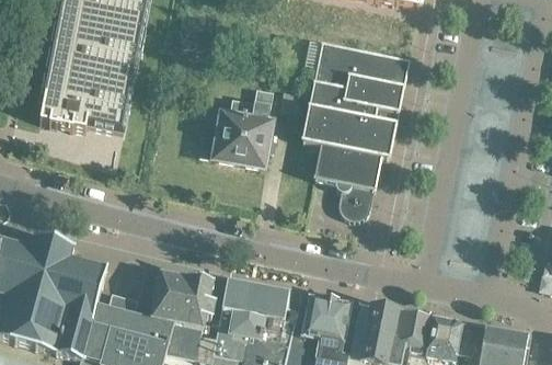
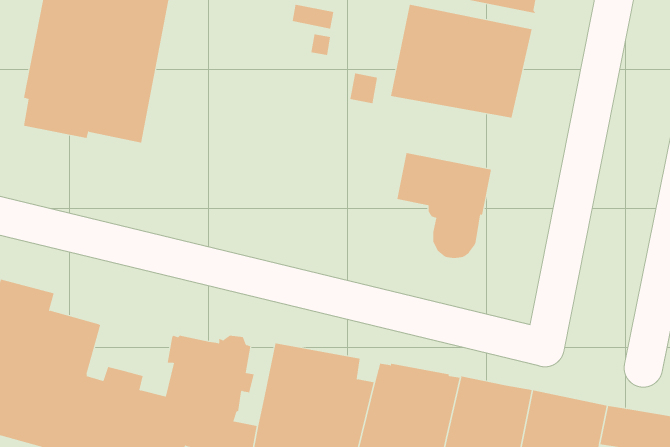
building: [200,89,272,166] -> none
building: [301,105,394,158] -> none

